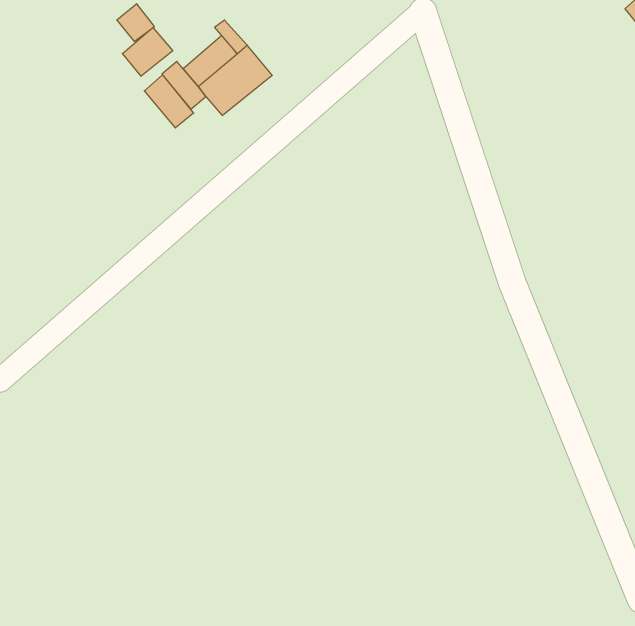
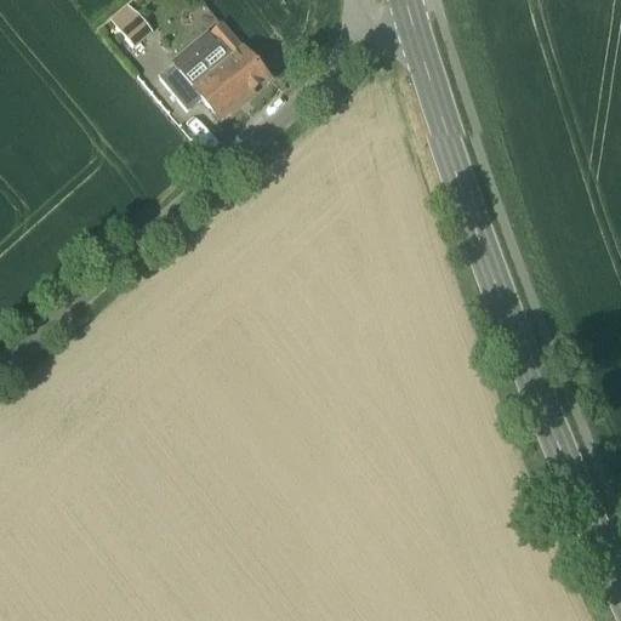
building: [122,28,173,76] -> none
building: [144,75,194,128] -> none

